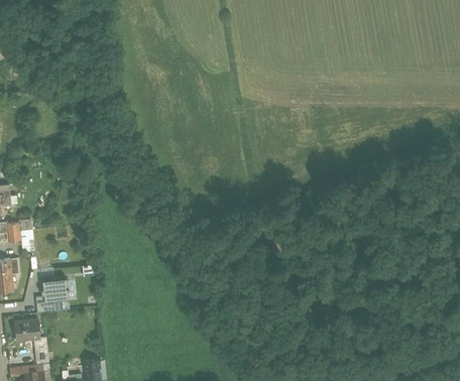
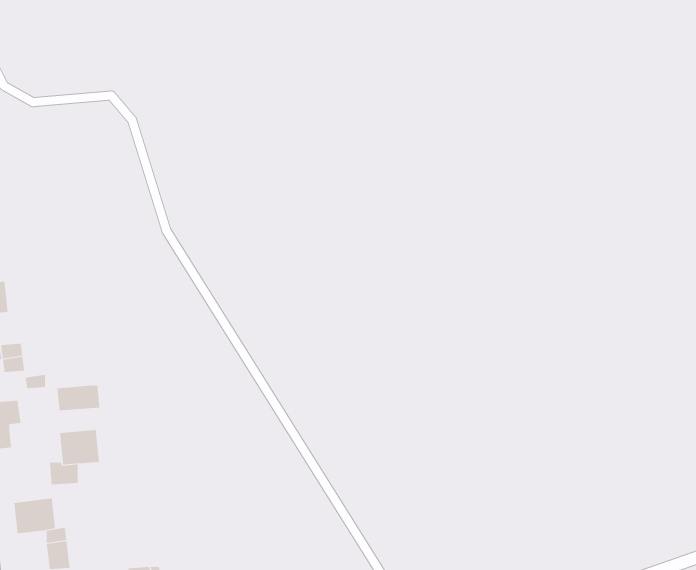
building: none -> [57,385,100,411]

